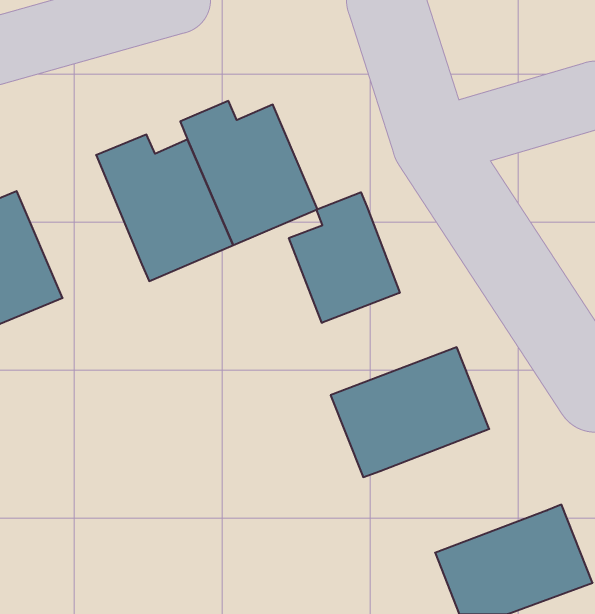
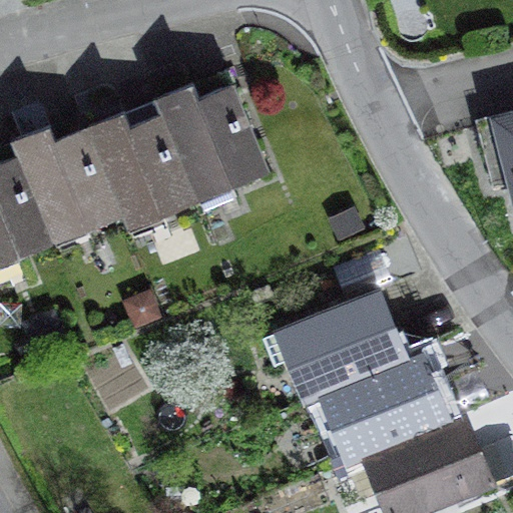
building: none -> [8,127,118,248]
building: [289,192,400,323] -> none
building: none -> [317,351,456,468]

